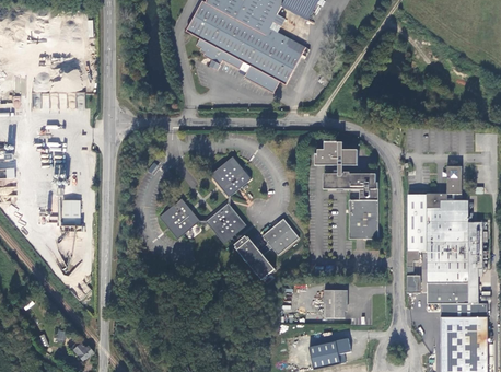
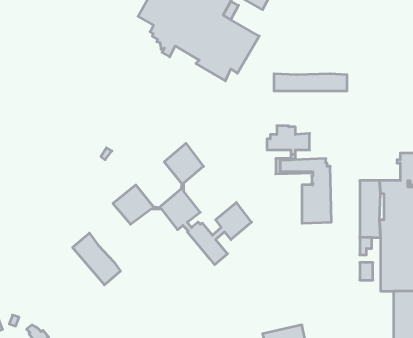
building: none -> [274,74,347,91]
building: [63,199,81,225] -> none
building: none -> [73,233,120,285]
building: [325,288,346,315] -> none

